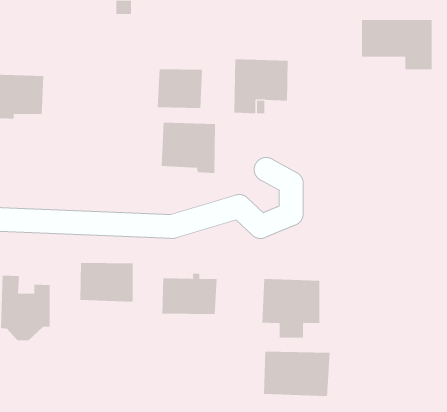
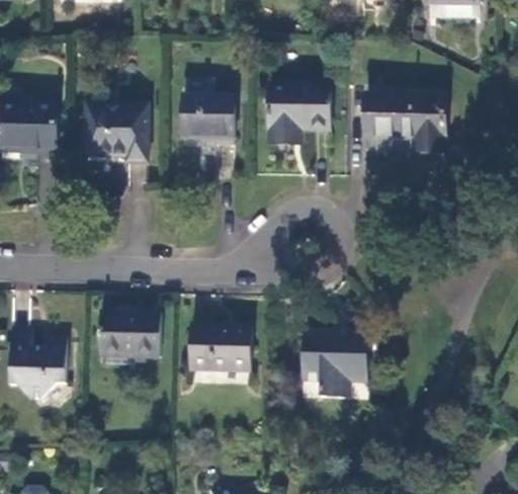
building: [361,19,433,70] -> [365,97,445,154]
building: [161,122,216,173] -> [87,106,149,164]
building: [264,351,330,397] -> none

